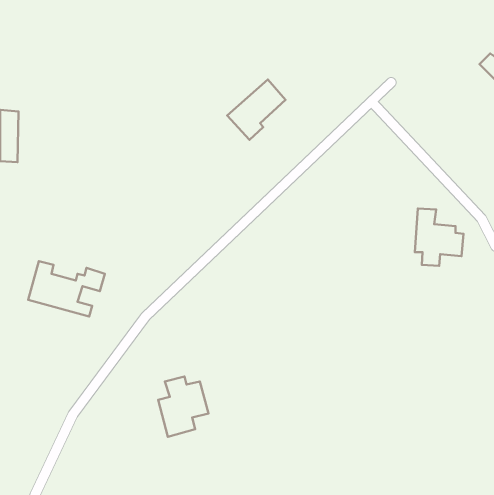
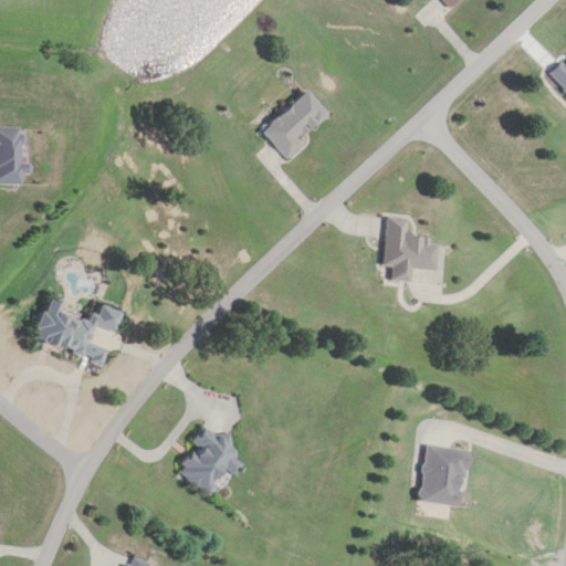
building: [415,209,463,266] -> [384,217,439,282]
building: none -> [418,444,471,507]

